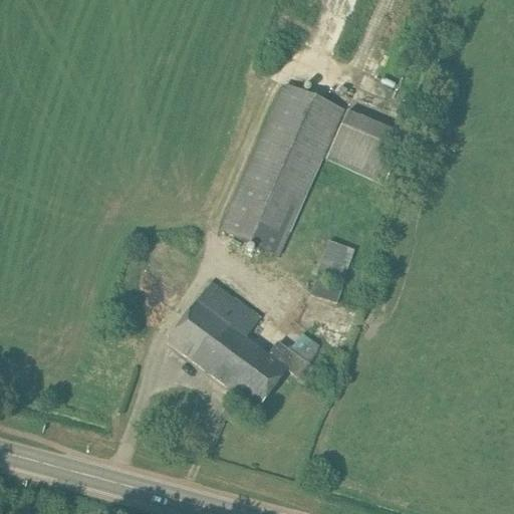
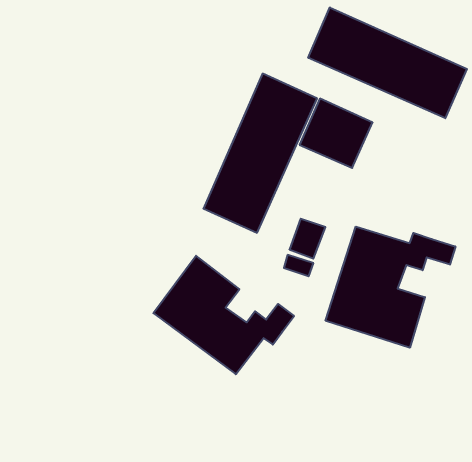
building: none -> [308,7,467,118]
building: none -> [326,227,455,348]

